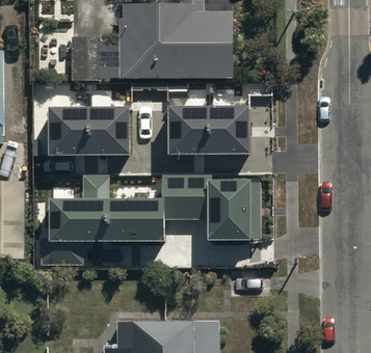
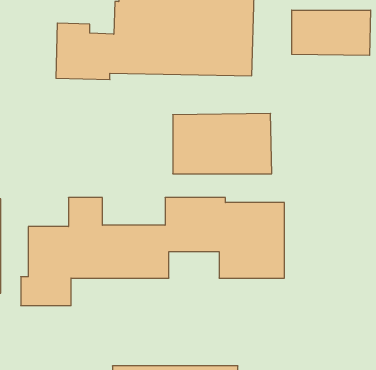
building: none -> [292,10,371,55]
building: [47,113,128,162] -> none

